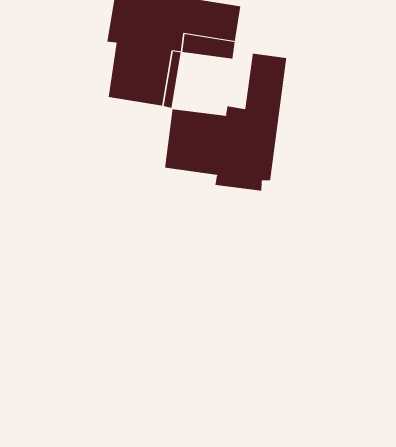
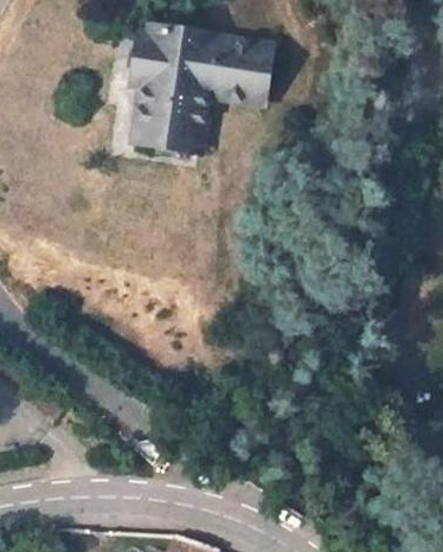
building: [165,53,287,191] -> none

